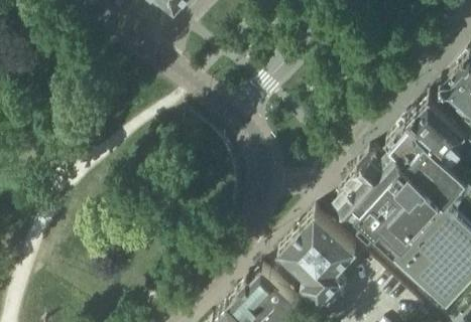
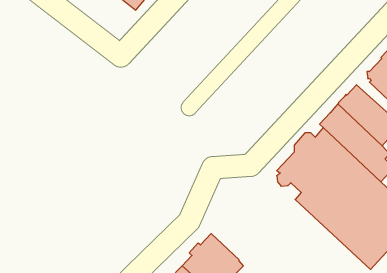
building: [276,215,354,310] -> none

